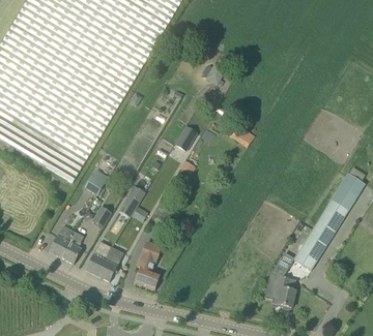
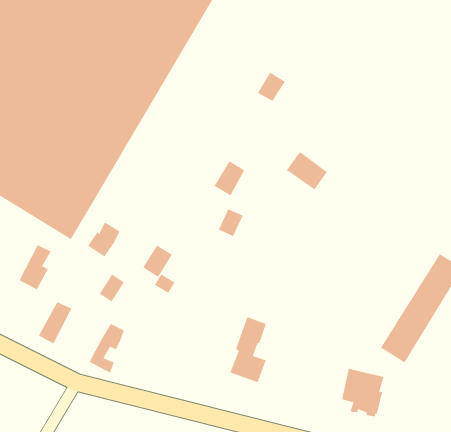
building: [60,231,84,264] -> [18,244,52,291]
building: [134,242,161,289] -> [229,316,267,383]
building: [96,246,123,281] -> none

